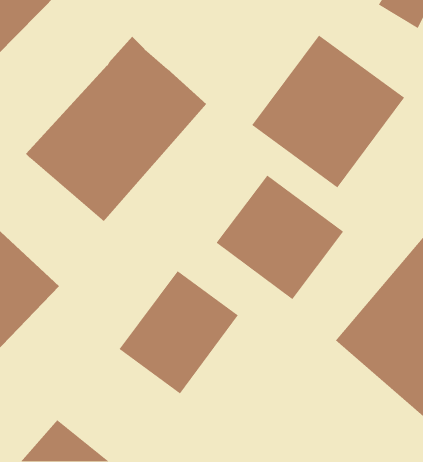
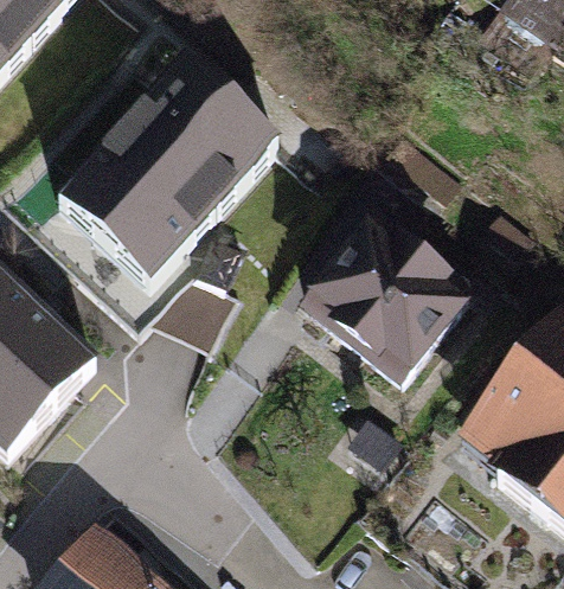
building: [251,34,405,189] -> none
building: [118,270,239,394] -> none

